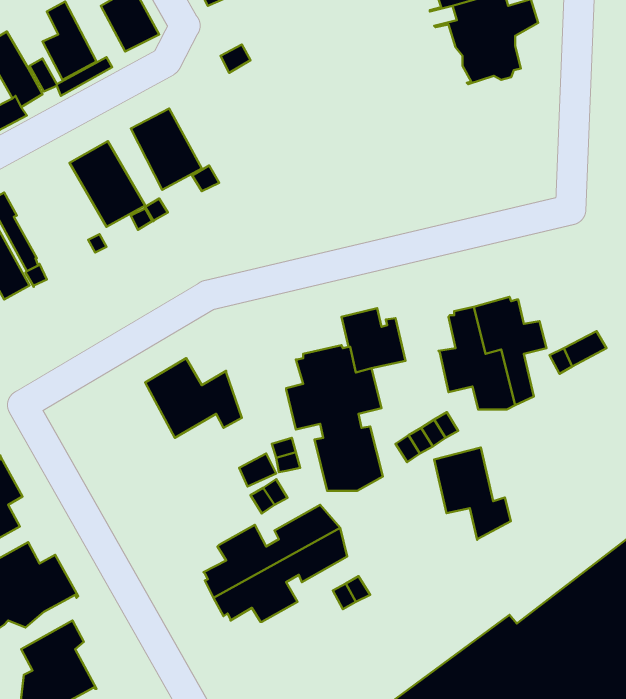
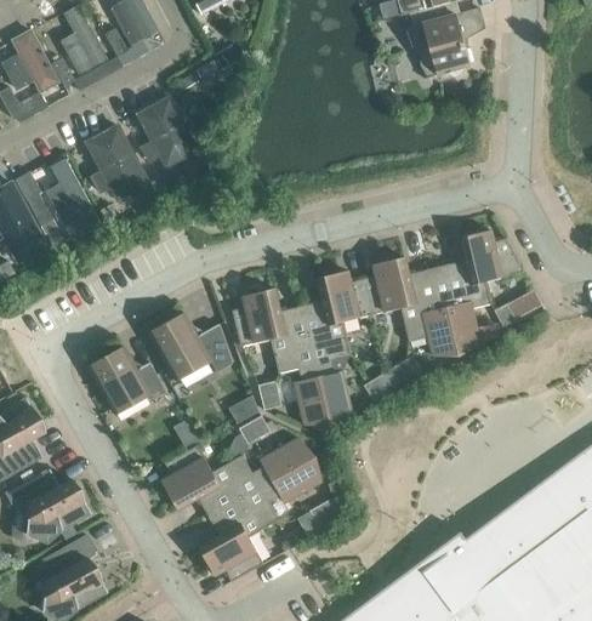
building: none -> [46,161,102,244]
building: none -> [460,230,524,284]
building: none -> [363,257,414,315]
building: none -> [232,289,284,347]
building: none -> [89,347,166,414]
building: [434,447,511,540] -> none
building: none -> [161,445,218,509]
building: none -> [198,525,263,582]

